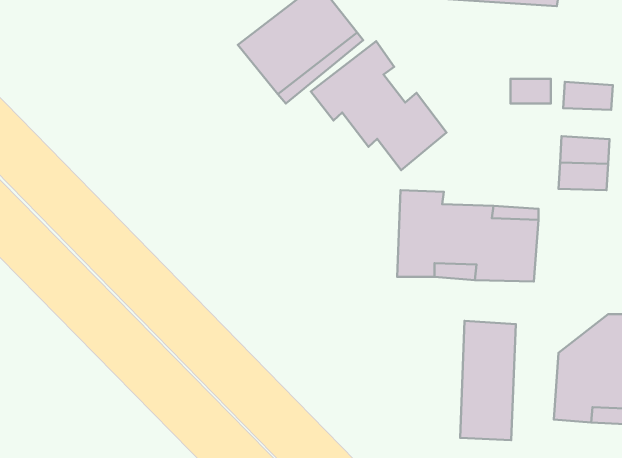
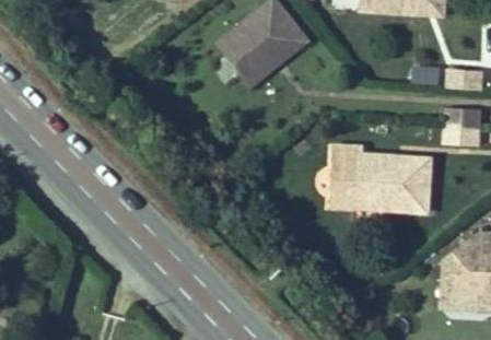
building: [311,41,446,170] -> none
building: [460,321,516,440] -> none

